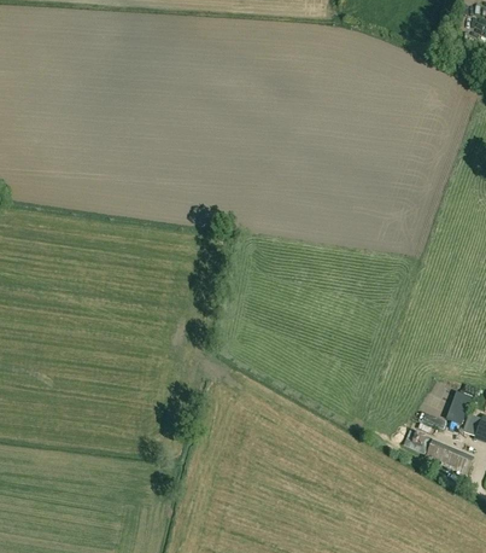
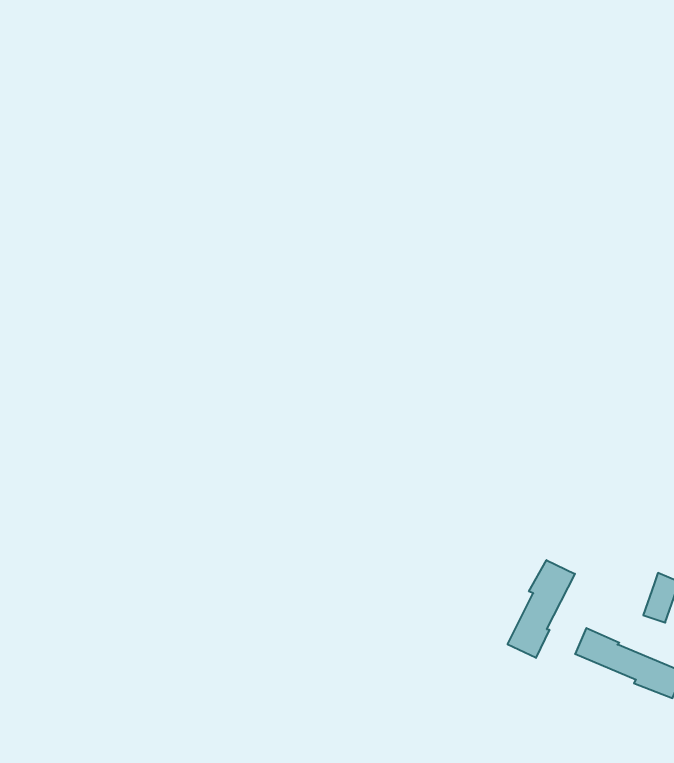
building: none -> [508,560,575,658]

